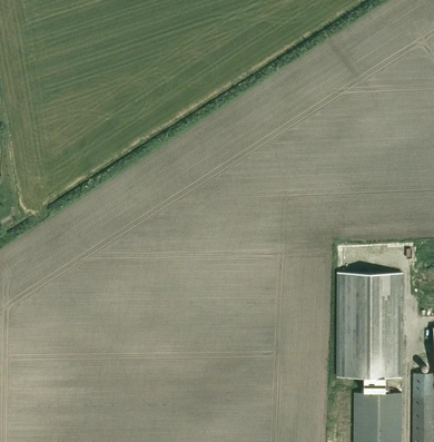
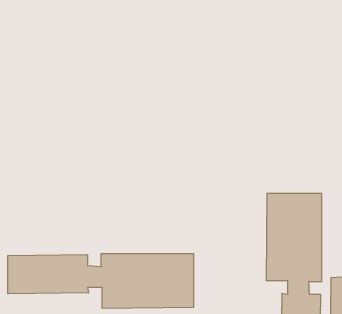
building: none -> [8,254,194,308]

